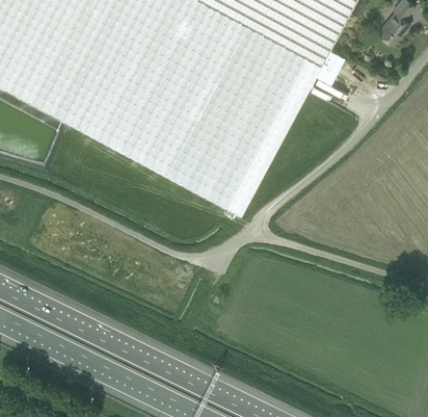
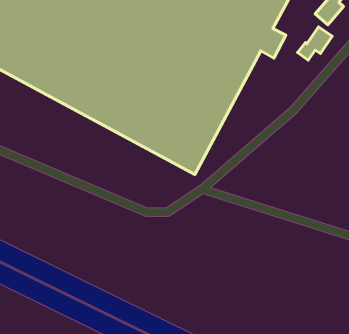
building: none -> [298,27,332,60]

